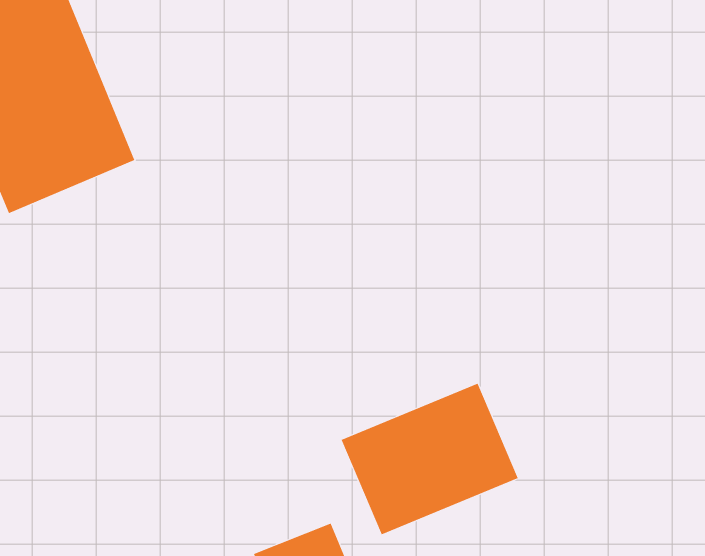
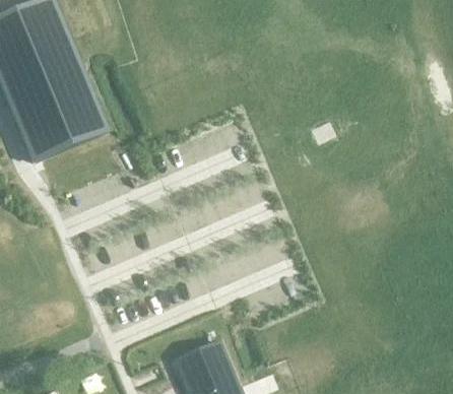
building: [341,383,518,535] -> none

